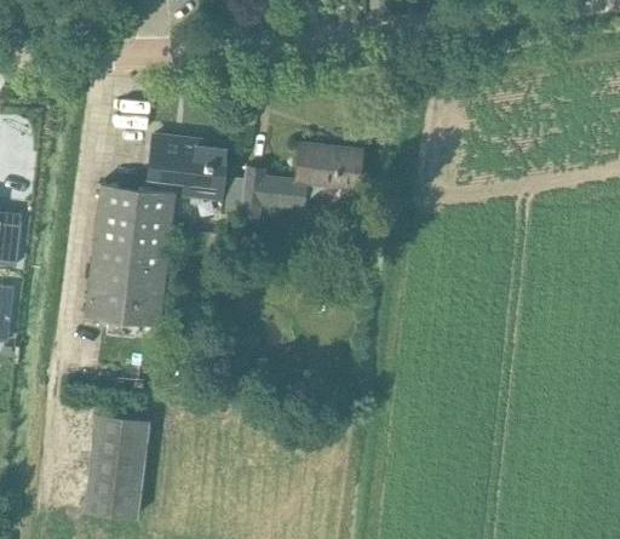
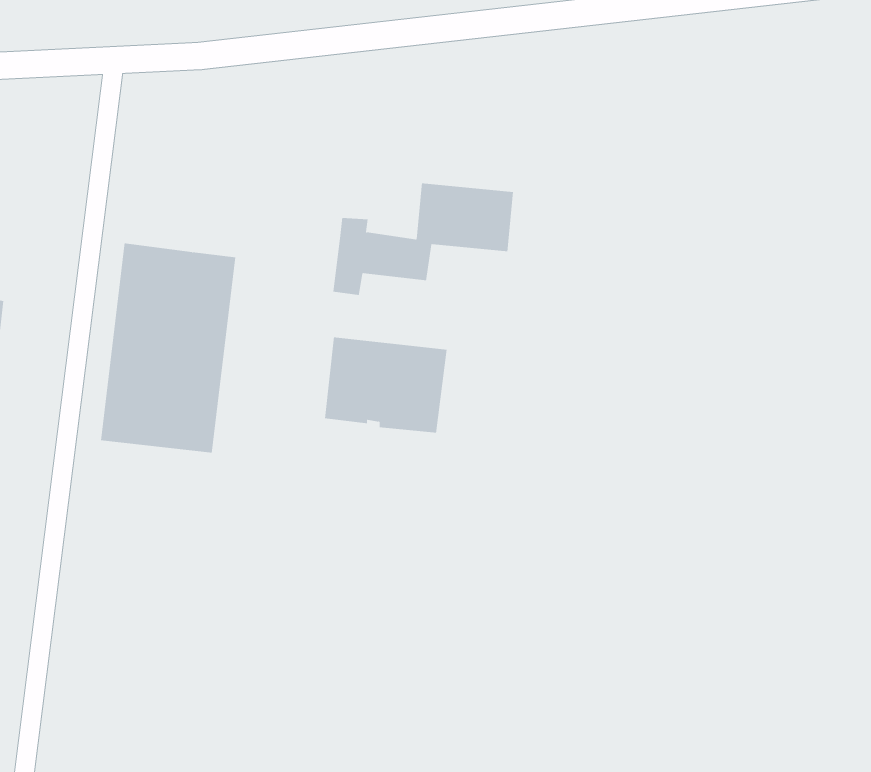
building: [147,136,229,200] -> [324,337,448,433]
building: [84,414,149,518] -> none

